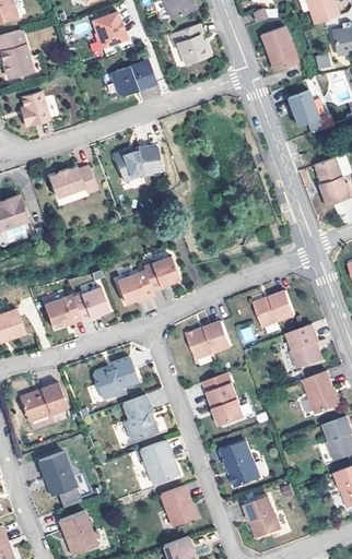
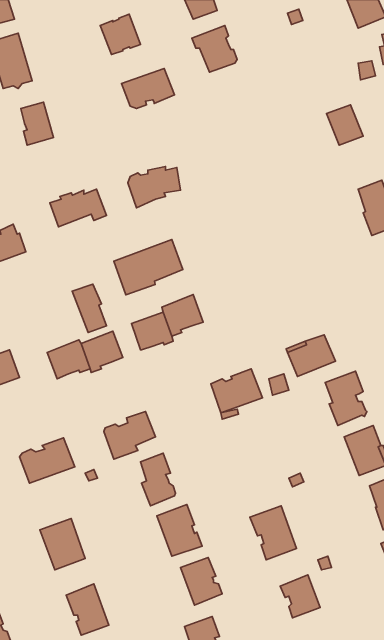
building: [261,27,297,70] -> none
building: none -> [114,239,183,295]
building: none -> [72,284,107,332]
building: [206,372,245,424] -> none

